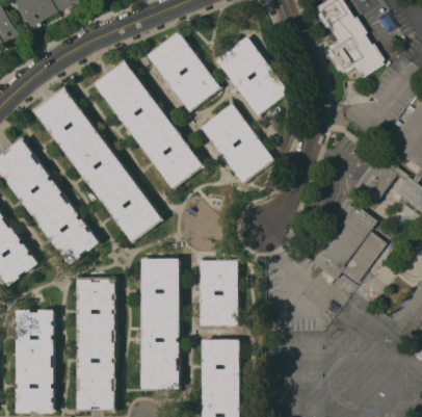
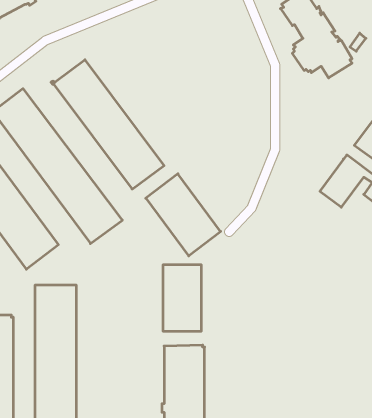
building: [148,31,220,111] -> none
building: [216,35,289,115] -> none
building: [201,103,273,183] -> [146,174,221,256]
building: [312,204,387,283] -> none
building: [140,260,181,391] -> none

